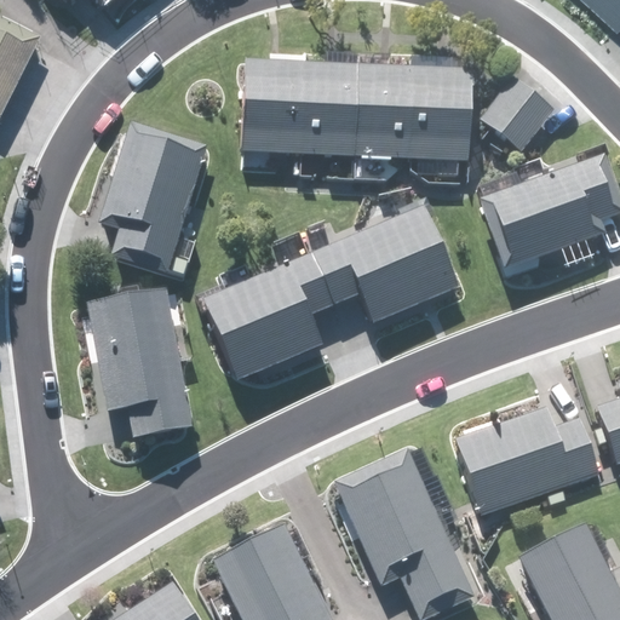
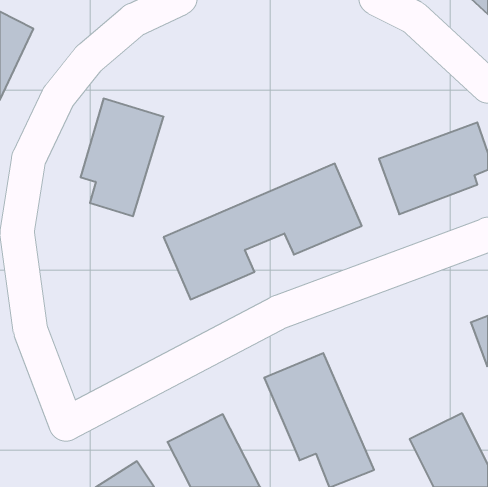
building: [242,61,471,162] -> none
building: [480,79,553,153] -> none
building: [90,289,195,438] -> none
building: [454,406,597,509] -> none

